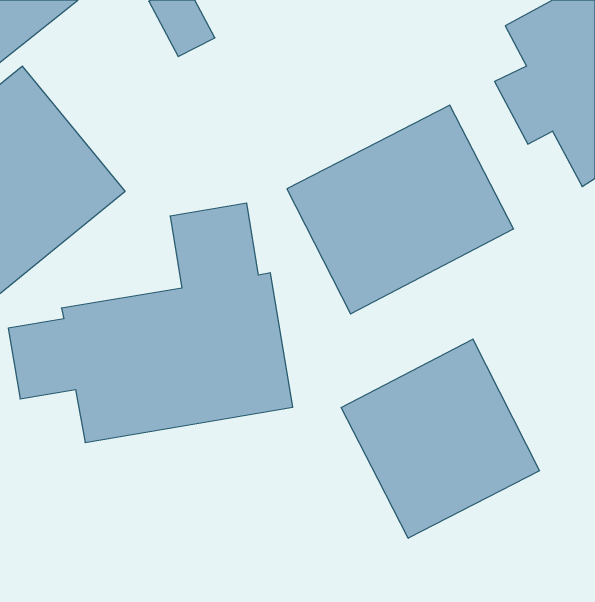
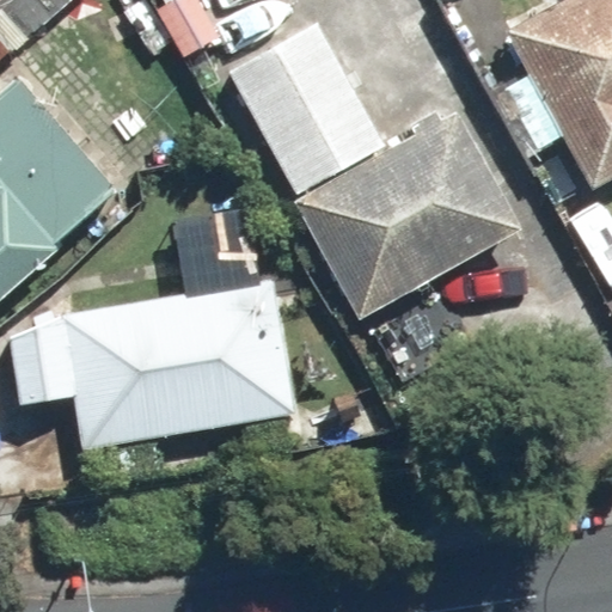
building: none -> [226,22,381,192]
building: [341,339,539,538] -> none

